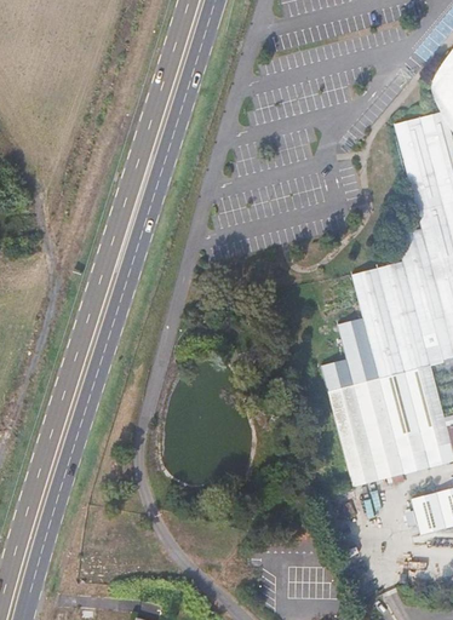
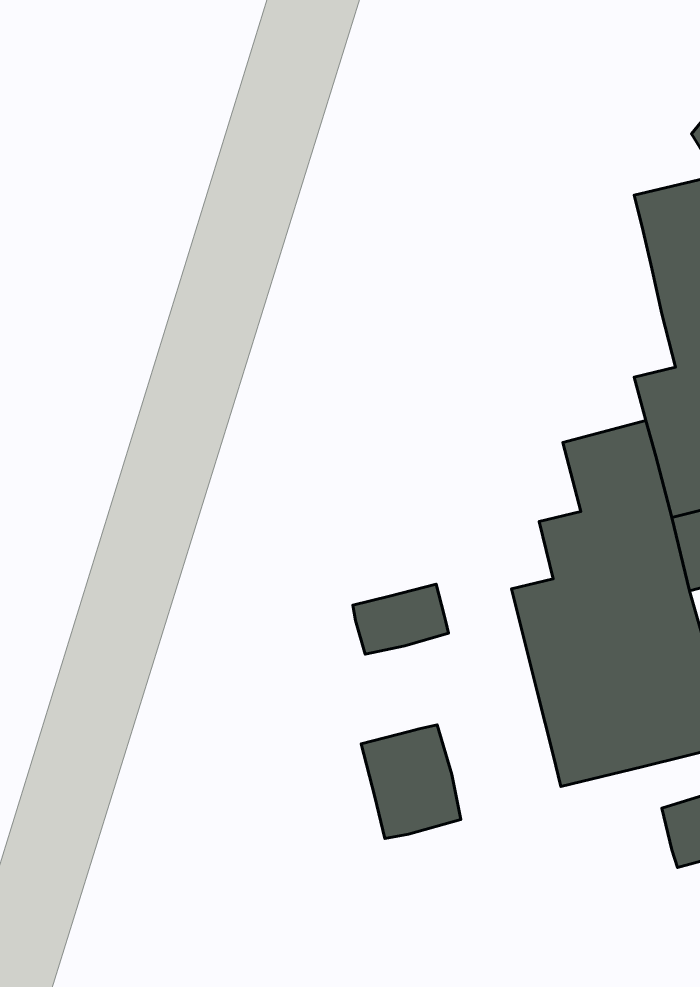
building: none -> [353,584,449,654]
building: none -> [361,725,461,839]

